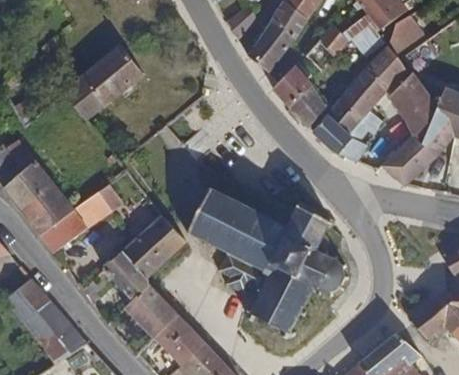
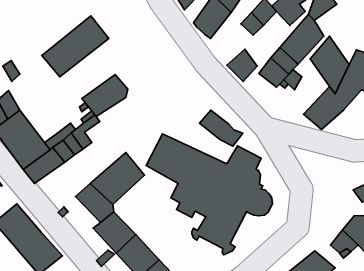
building: [273,63,310,106] -> none
building: [313,116,366,160] -> [200,110,243,146]
building: none -> [82,74,128,117]

